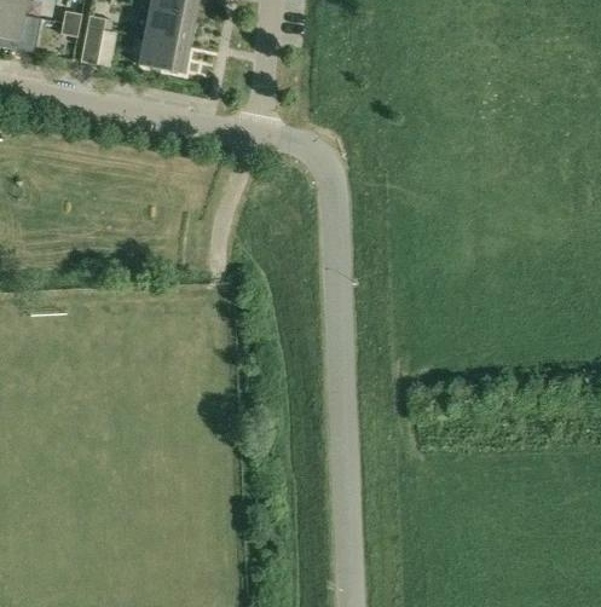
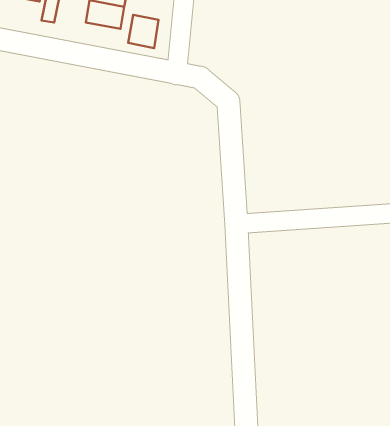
building: none -> [128,15,158,48]

